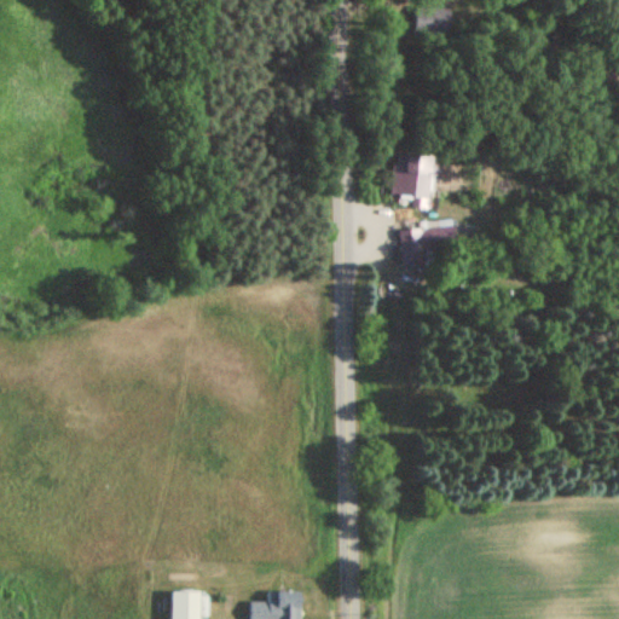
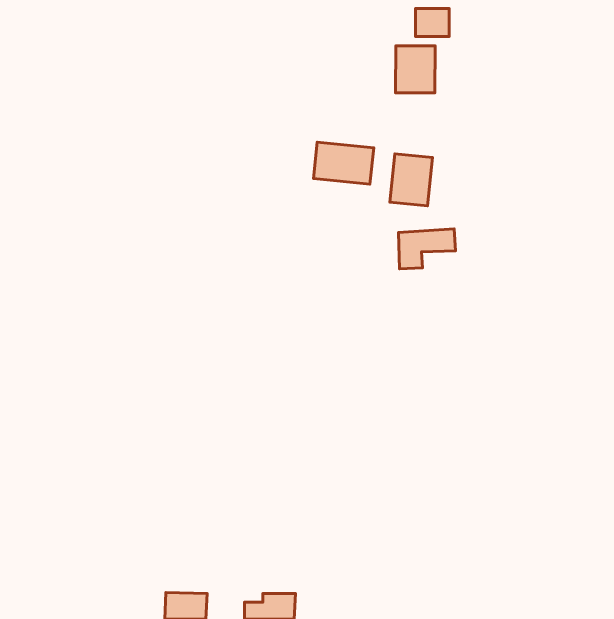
building: none -> [396,46,435,93]
building: none -> [313,142,374,184]

